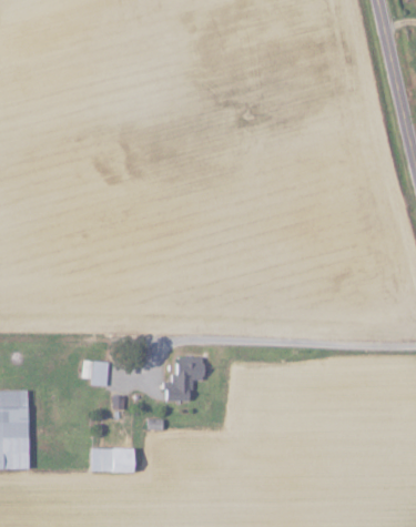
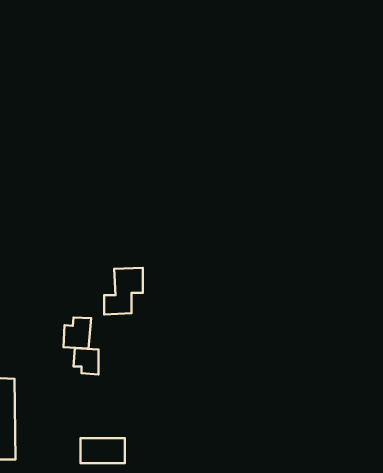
building: none -> [64,318,91,348]
building: [165,356,203,402] -> [104,268,143,314]

